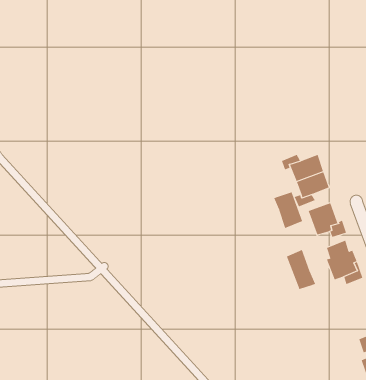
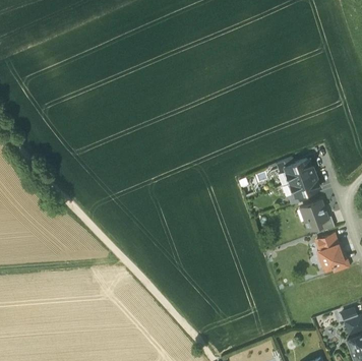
building: [273,192,303,229] -> none
building: [286,249,316,290] -> none

